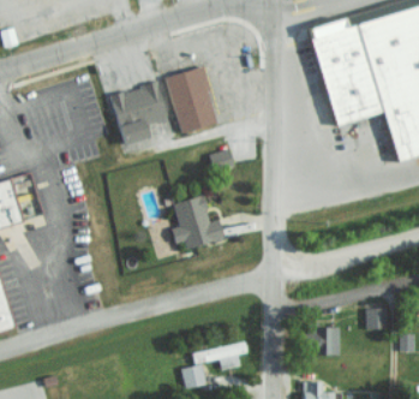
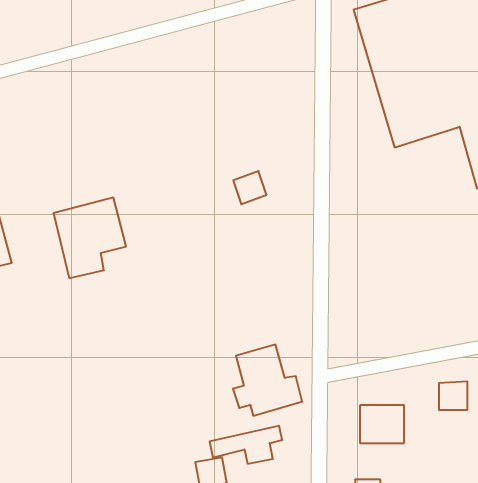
building: [167,67,220,135] -> none
building: [113,84,168,145] -> [53,198,126,278]
building: [172,197,225,251] -> [233,345,302,416]

